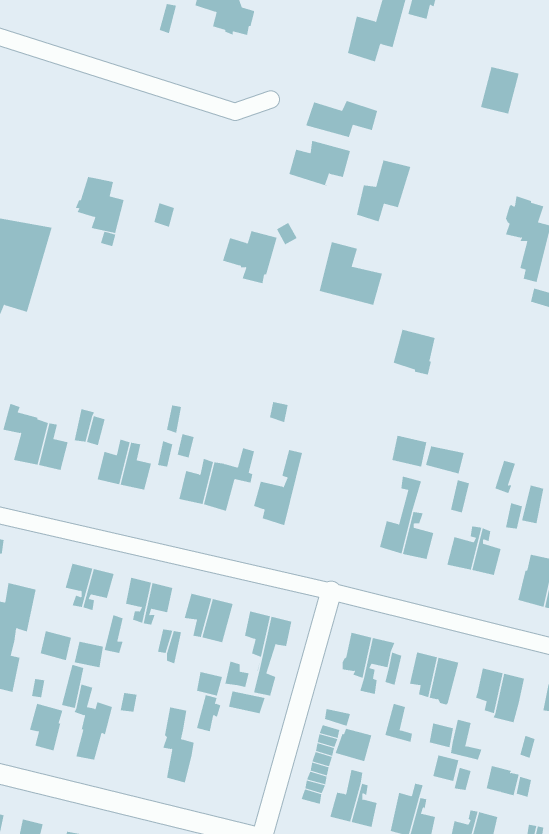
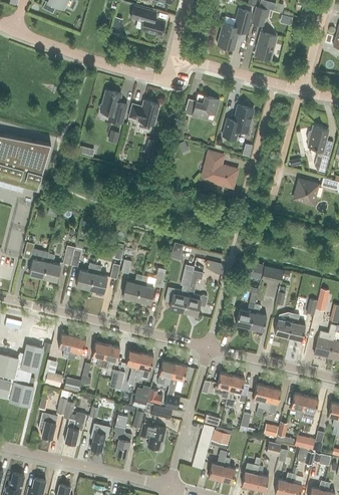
building: [480,66,519,114] -> [255,33,277,60]
building: [305,100,378,138] -> none
building: [75,177,125,233] -> [99,91,127,123]
building: [222,230,277,284] -> [128,100,159,131]
building: [393,329,436,375] -> [294,180,318,206]
building: none -> [183,271,208,315]
building: none -> [90,423,110,451]
building: none -> [139,423,165,450]

